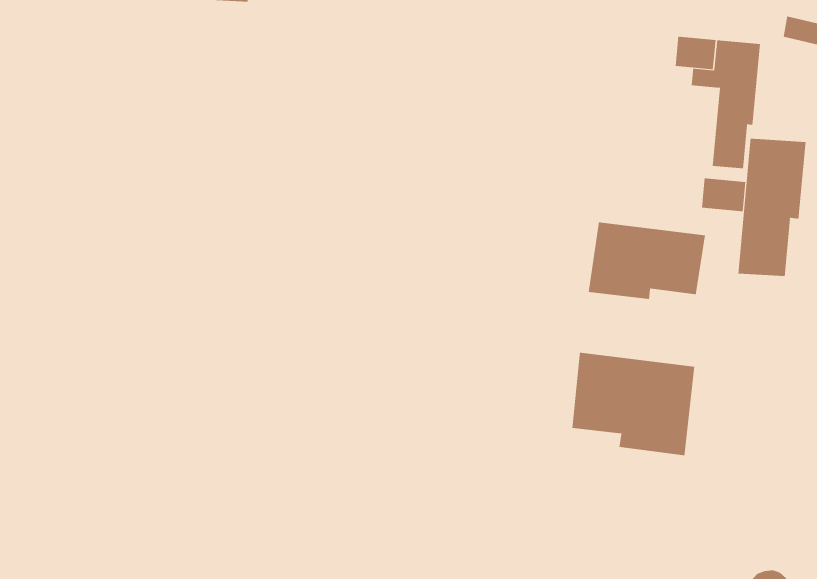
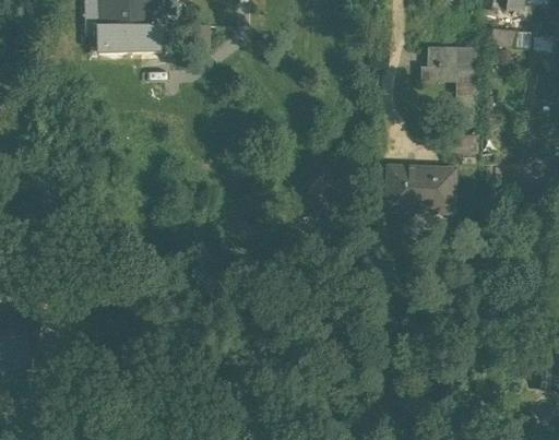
building: [738,138,806,277] -> none
building: [572,352,695,456] -> none

